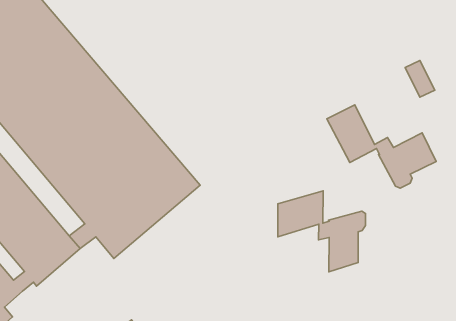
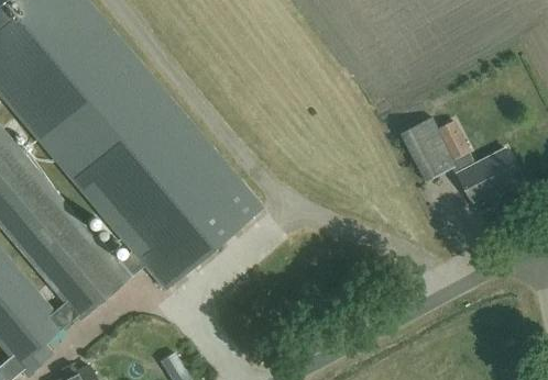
building: [405,61,435,97] -> [440,116,473,157]
building: [278,191,365,272] -> none

